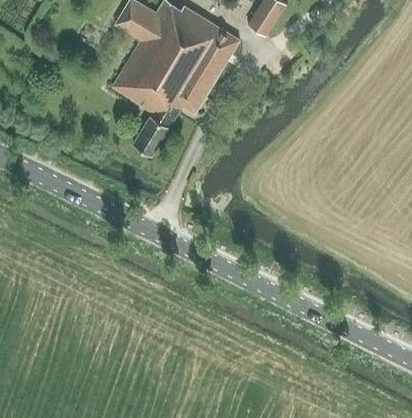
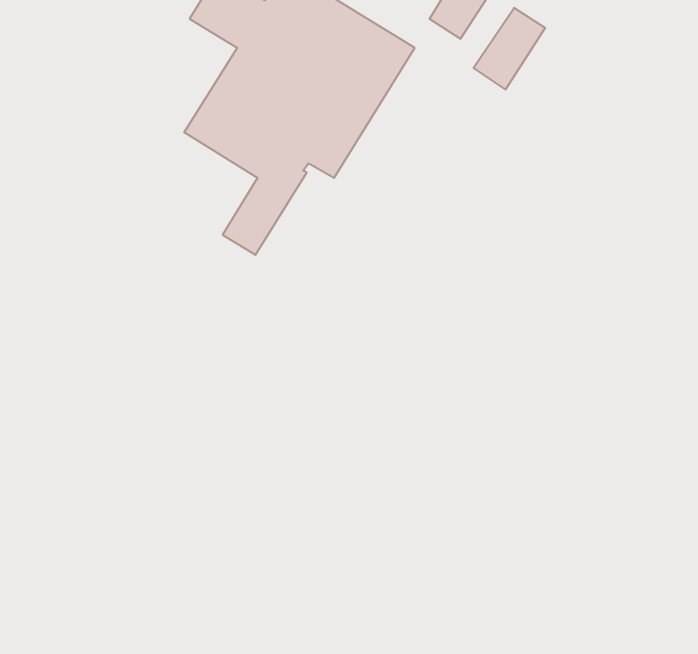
building: none -> [474,8,545,90]

